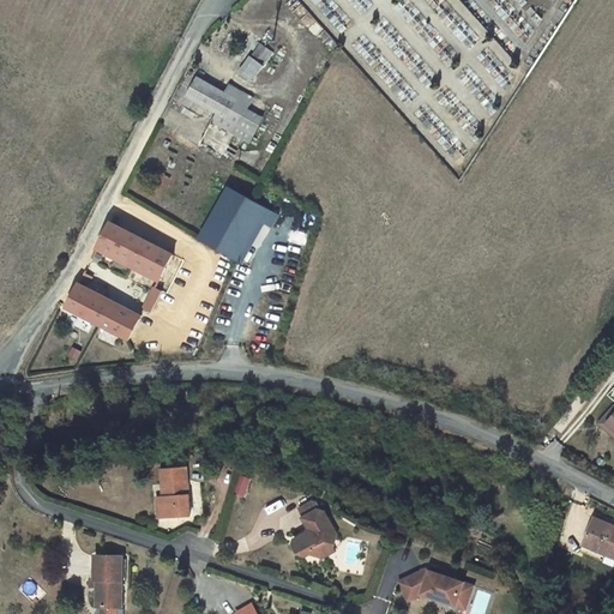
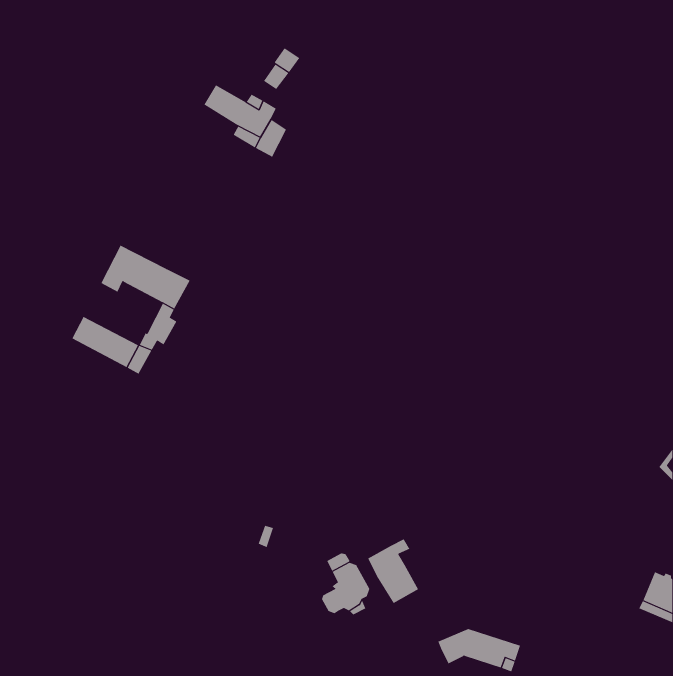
building: [198,187,277,261] -> none
building: [159,468,188,517] -> none
building: none -> [367,538,419,604]
building: [89,555,121,607] -> none

